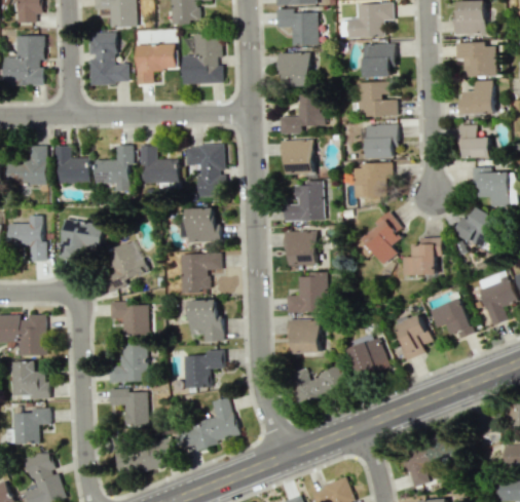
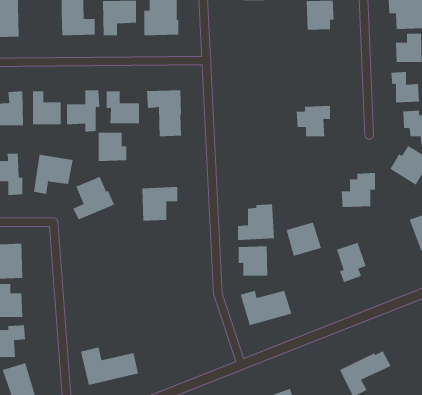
building: [280,52,311,86] -> none
building: [357,81,398,117] -> none
building: [280,93,324,133] -> none
building: [365,124,398,159] -> none
building: [281,140,314,173] -> none
building: [283,181,324,222] -> none
building: [187,208,220,241] -> [98,132,127,161]
building: [363,211,402,264] -> none
building: [287,231,318,266] -> none
building: [431,299,474,340] -> none
building: [190,300,222,342] -> none
building: [110,303,149,337] -> none
building: [349,339,389,378] -> [286,222,322,257]
building: [109,345,148,382] -> none
building: [184,350,223,388] -> none
building: [110,390,149,425] -> none
building: [177,397,239,449] -> none

